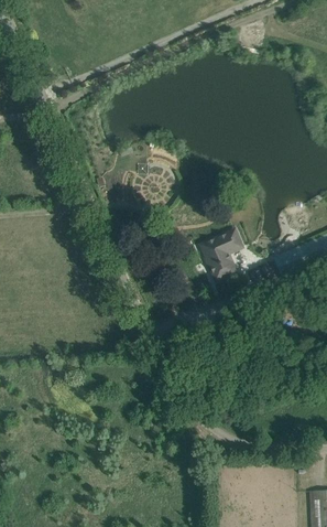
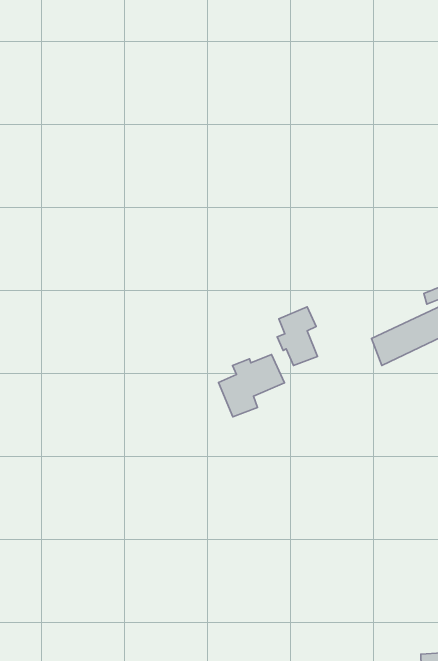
building: none -> [218,355,285,417]

